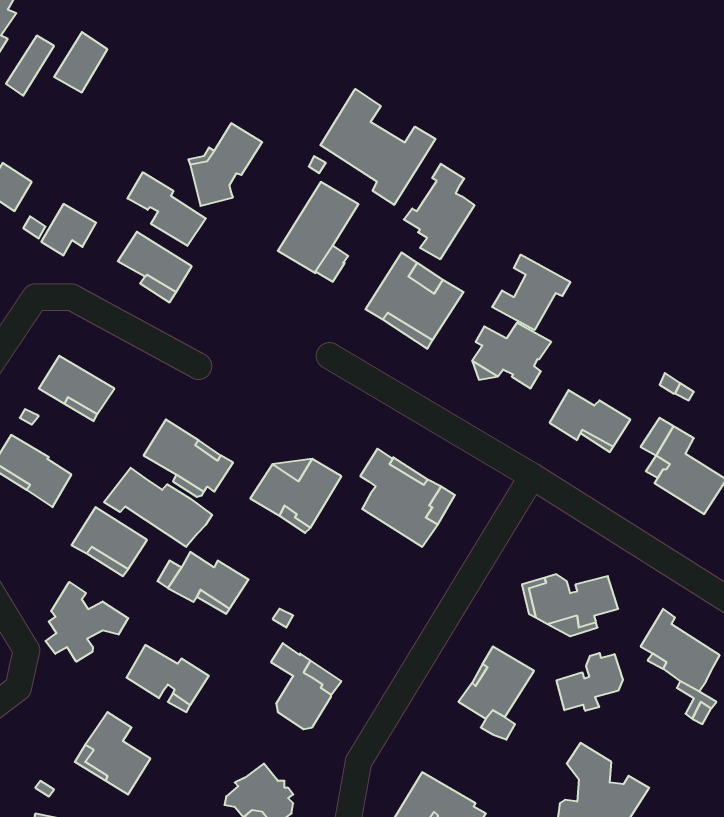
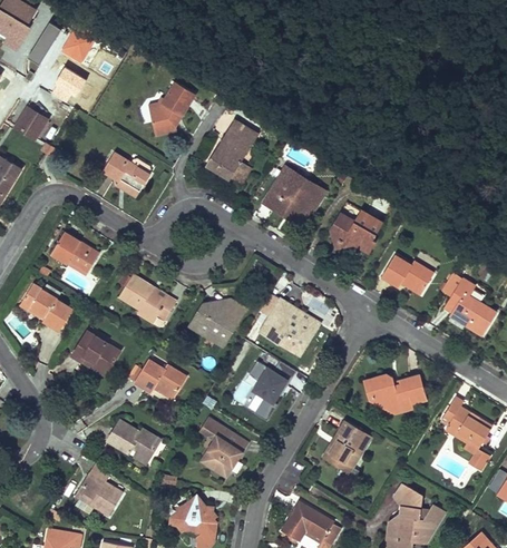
building: [320,89,435,205] -> none
building: [404,164,474,259] -> none
building: [127,172,206,246] -> none
building: [41,204,96,255] -> [49,68,85,101]
building: [492,255,570,330] -> none
building: [104,468,212,547] -> none
building: none -> [248,360,296,419]
building: [45,582,128,662] -> none
building: [557,653,623,711] -> none

